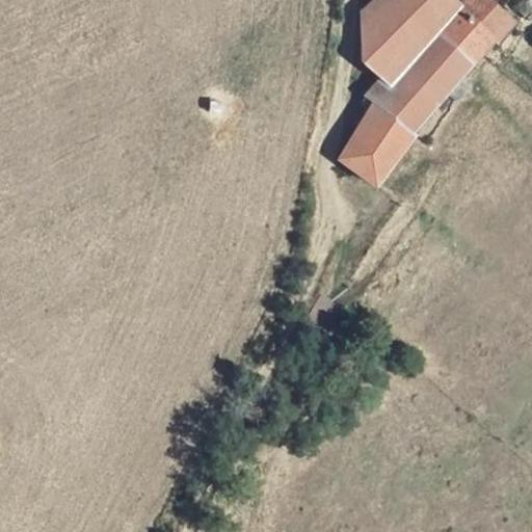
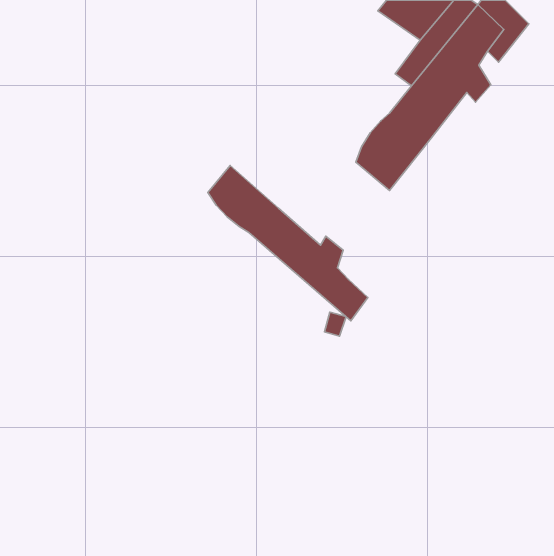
building: [361,10,403,71] -> none
building: none -> [208,166,368,321]

